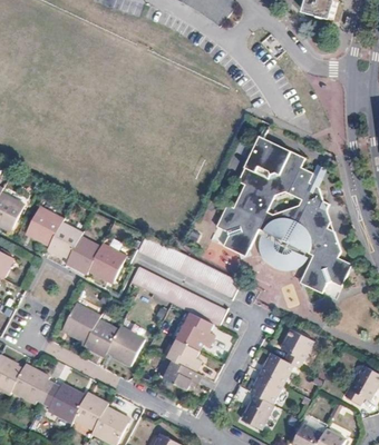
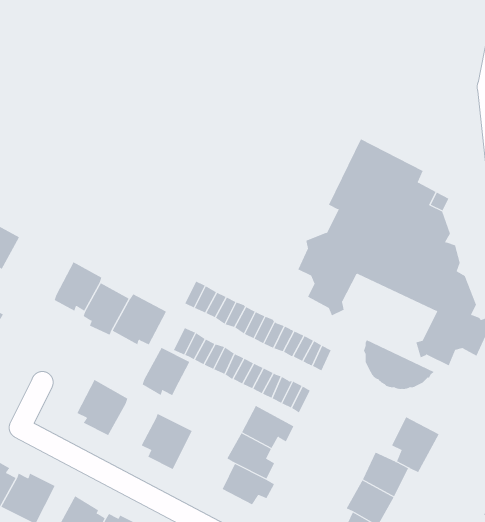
building: [26,207,61,245] -> none
building: [256,236,305,270] -> [363,339,434,389]
building: [84,319,117,353] -> [142,347,190,396]

